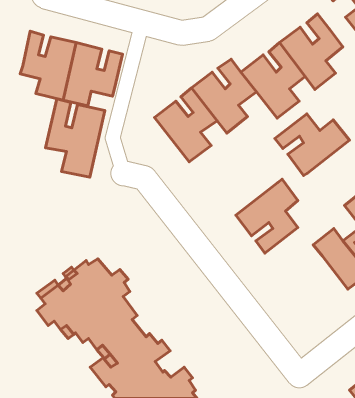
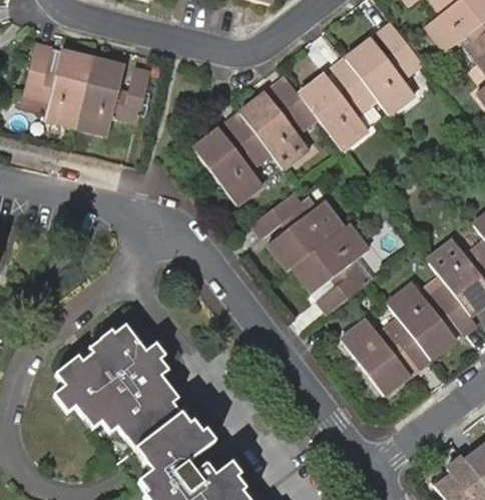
building: [46,99,105,177] -> none
building: [275,114,350,176] -> [254,197,345,273]
building: none -> [341,320,430,397]

